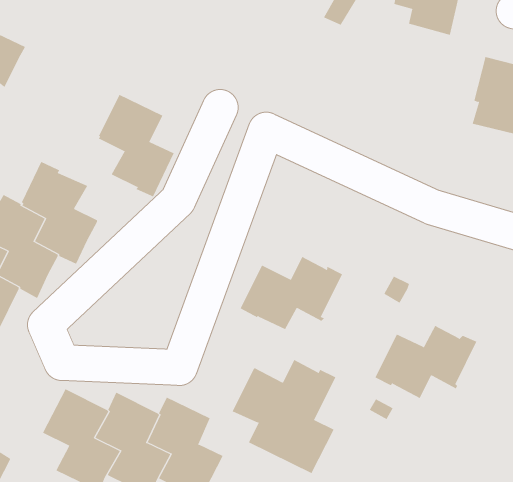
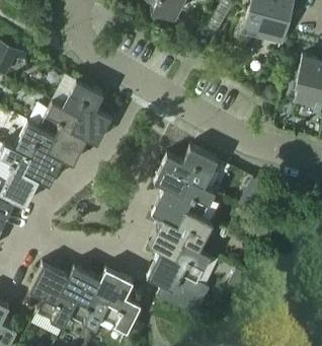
building: none -> [39,96,88,160]
building: none -> [154,142,219,191]
building: [374,325,477,399] -> [150,209,214,255]

